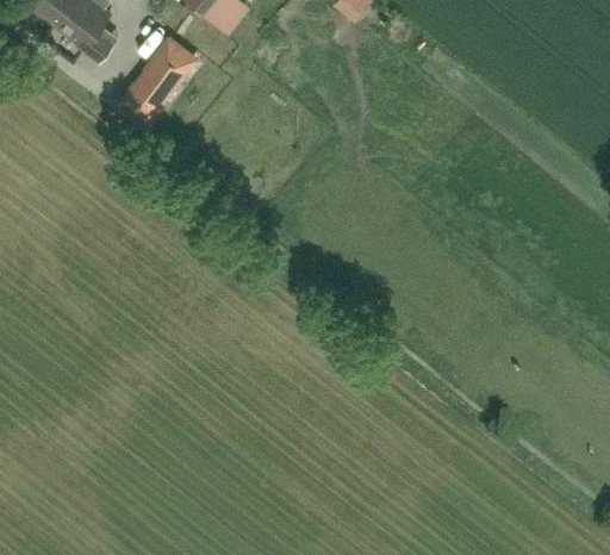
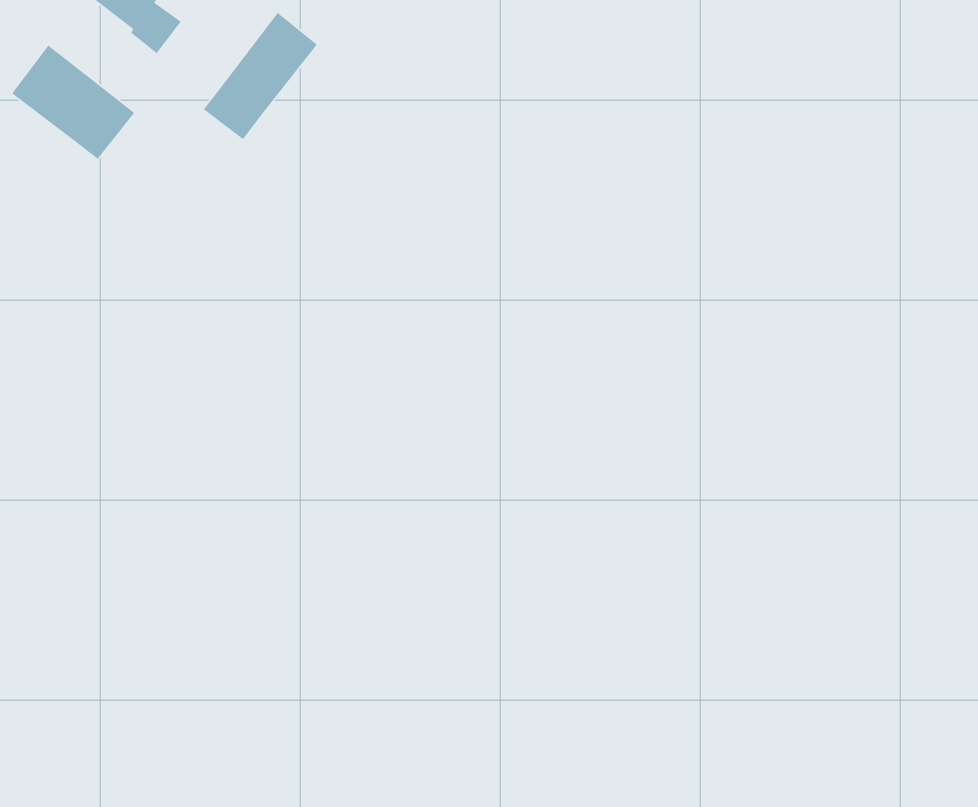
building: none -> [11,44,135,160]

